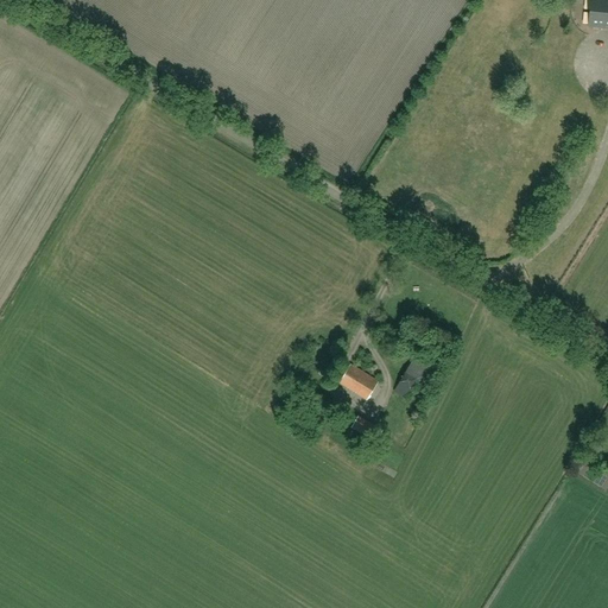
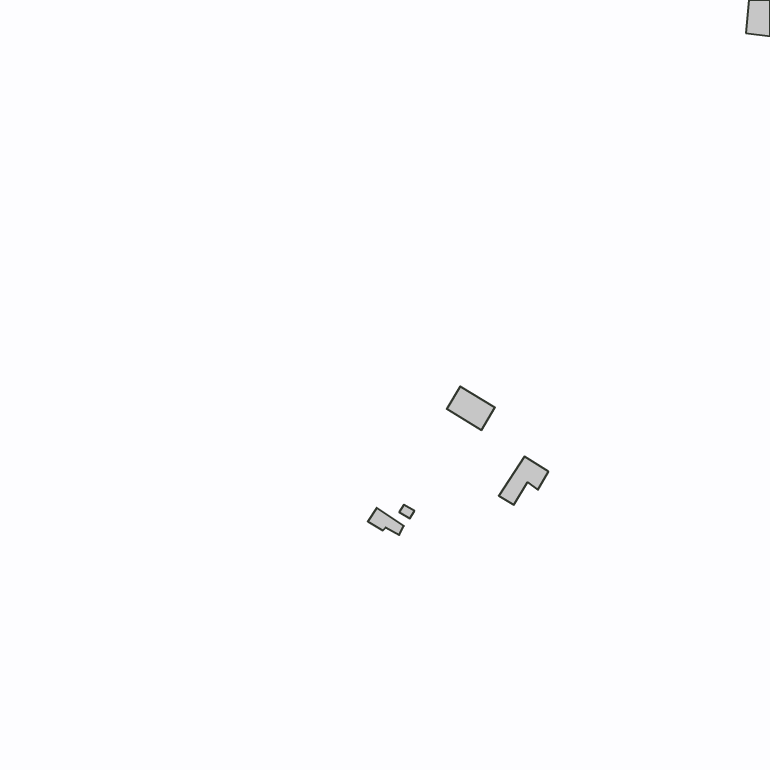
building: [340,365,378,399] -> [447,386,495,430]

